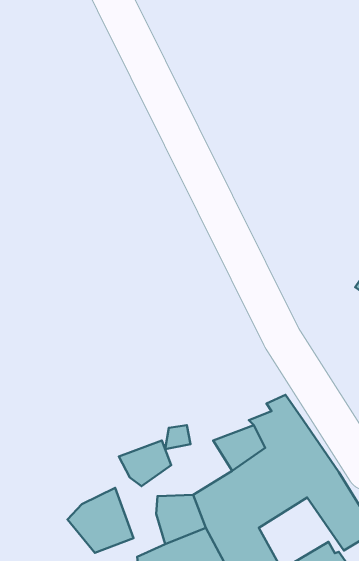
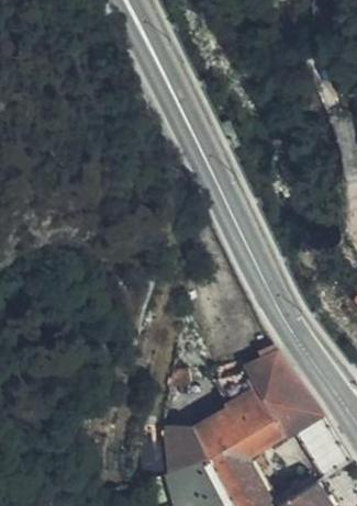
building: [119,441,171,486] -> none
building: [67,488,134,553] -> none

